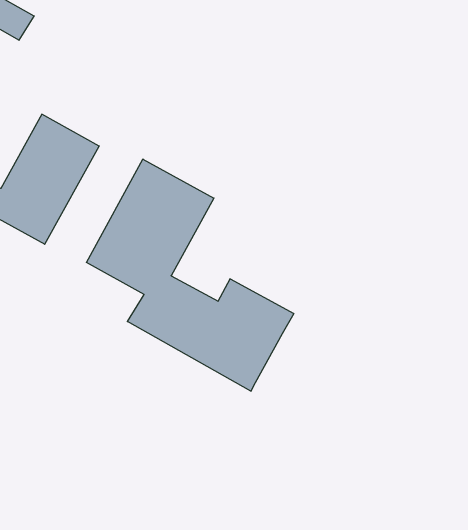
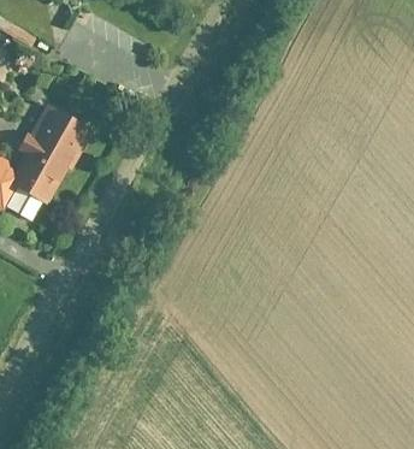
building: [86,159,294,391] -> none

